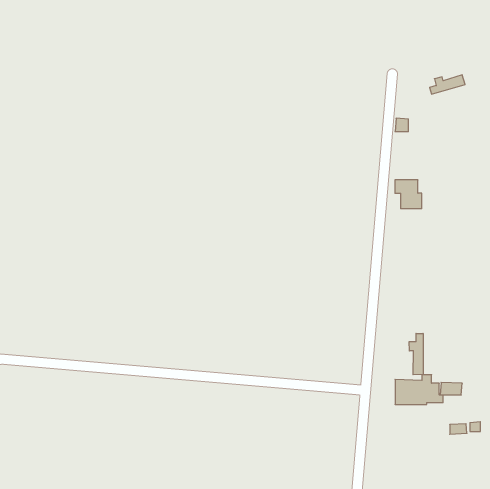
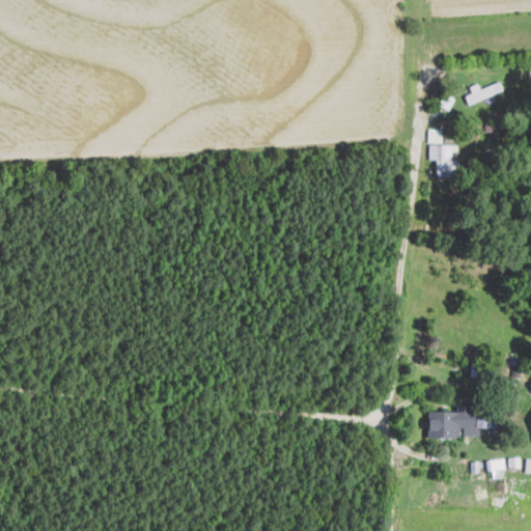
building: [395,180,422,209] -> [429,146,458,177]
building: [409,333,423,375] -> none

